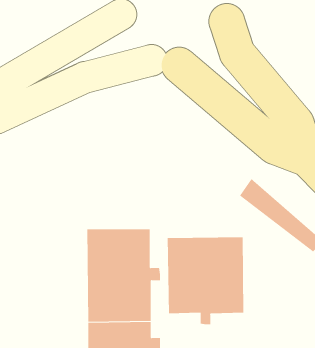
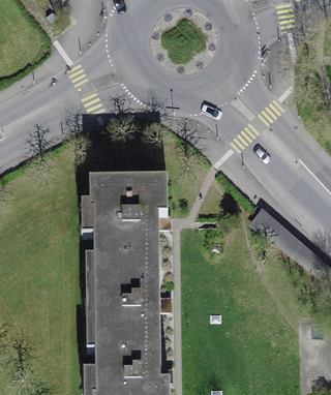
building: none -> [88,175,167,252]
building: [167,237,244,325] -> none

